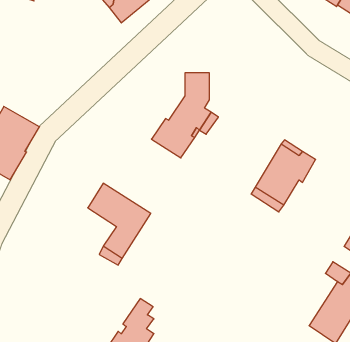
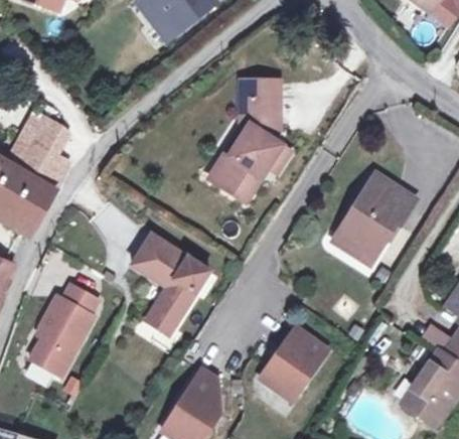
building: none -> [225,81,280,155]
building: none -> [26,113,63,151]
building: none -> [32,282,103,372]
building: none -> [259,328,327,394]

